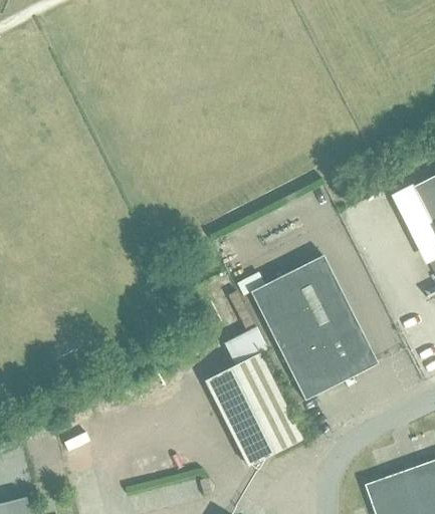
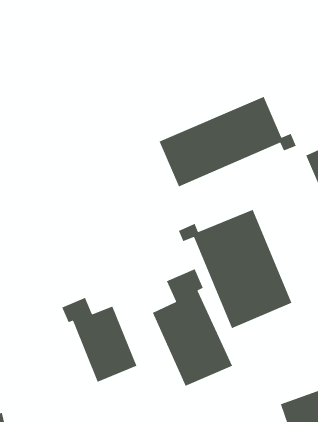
building: none -> [159,96,297,187]
building: none -> [61,297,137,383]

